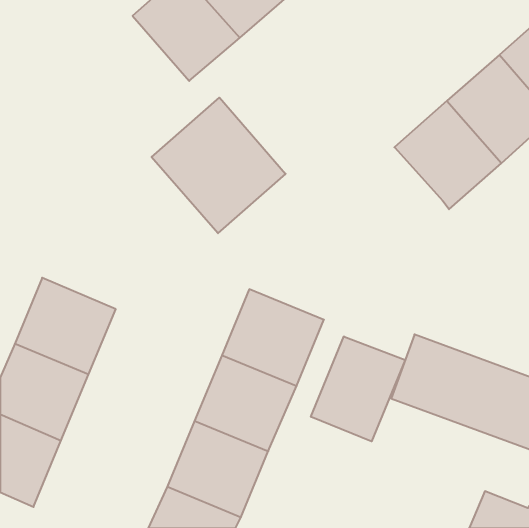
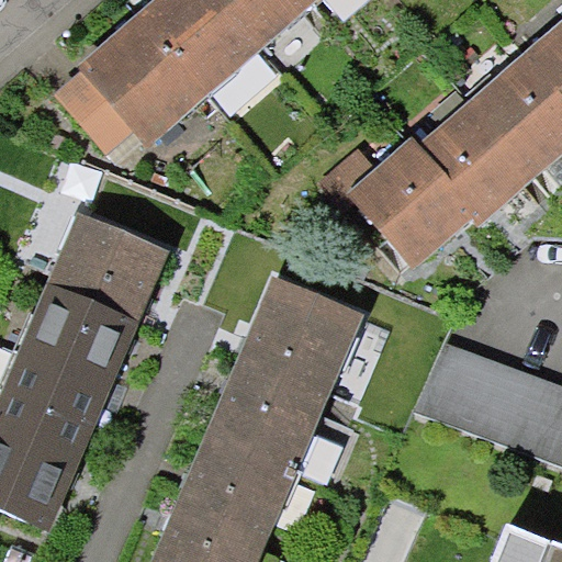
building: none -> [59,16,206,146]
building: [152,98,286,233] -> none
building: none -> [327,145,471,261]
building: none -> [53,222,159,323]
building: [311,336,405,441] -> none

